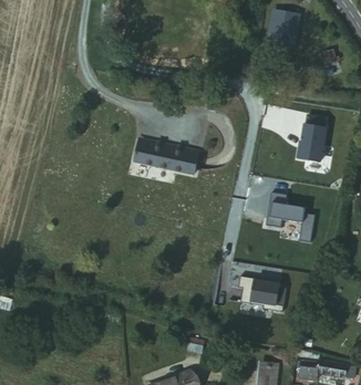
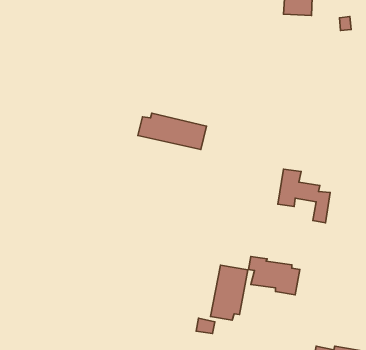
building: [297,116,326,163] -> none
building: none -> [210,265,248,320]

